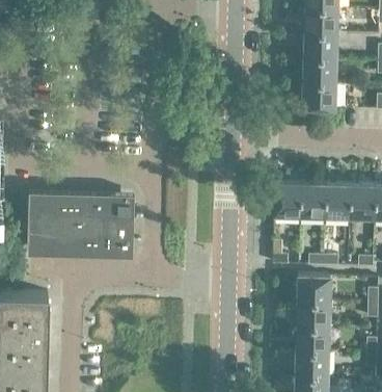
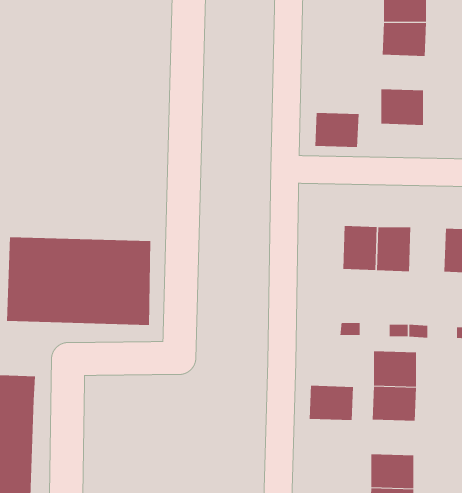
building: [304,59,337,85] -> [314,112,359,148]
building: [326,186,352,219] -> none
building: [297,329,330,355] -> [309,385,354,421]

